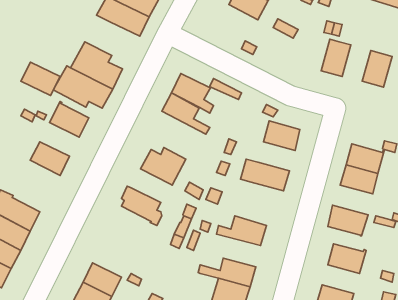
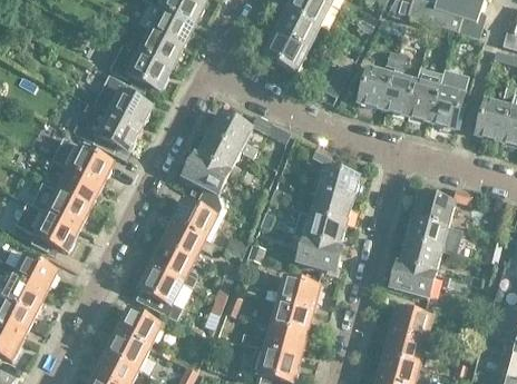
building: none -> [265,30,310,70]
building: none -> [126,50,173,89]
building: none -> [359,63,393,107]
building: none -> [408,67,443,119]
building: [21,62,60,96] -> [57,167,103,206]
building: none -> [185,152,232,209]
building: none -> [310,189,353,223]
building: none -> [33,210,80,250]
building: none -> [163,220,216,259]
building: none -> [296,236,342,272]
building: none -> [397,239,443,274]
building: none -> [140,264,186,315]
building: none -> [270,301,313,334]
building: none -> [118,307,164,346]
building: none -> [384,332,428,365]

